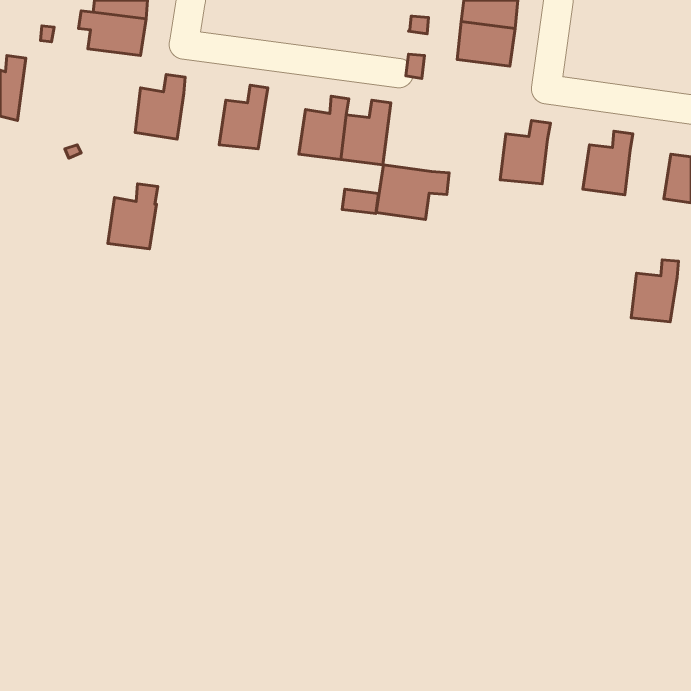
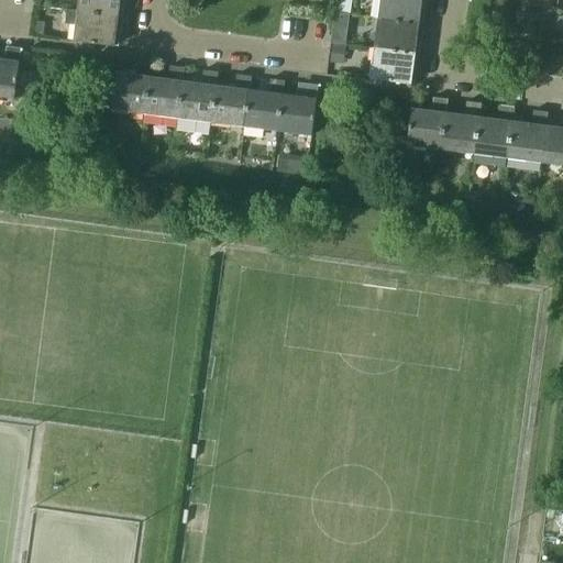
building: none -> [367,48,415,82]
building: none -> [210,74,250,125]
building: none -> [441,102,481,154]
building: [376,165,449,219] -> none
building: [108,184,158,249] -> [144,65,185,118]
building: [631,260,678,322] -> [508,111,547,162]

